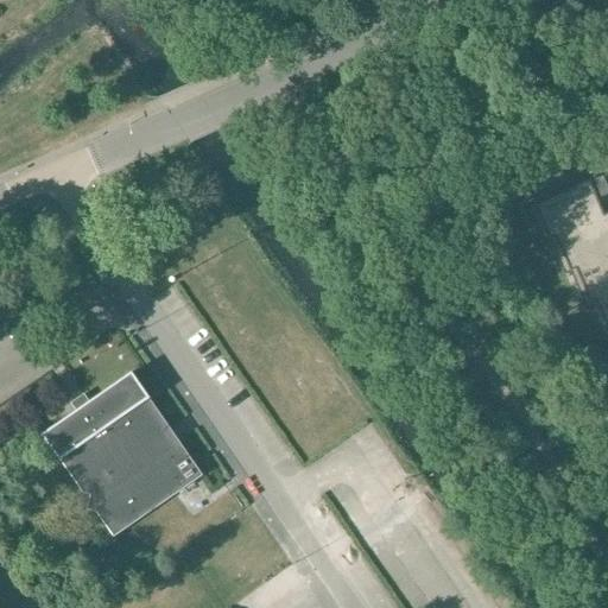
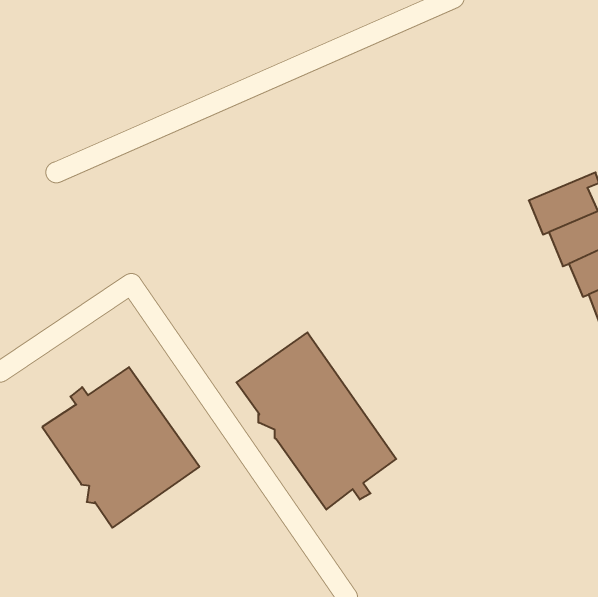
building: none -> [236,332,396,510]

